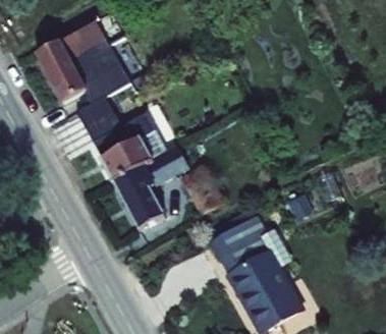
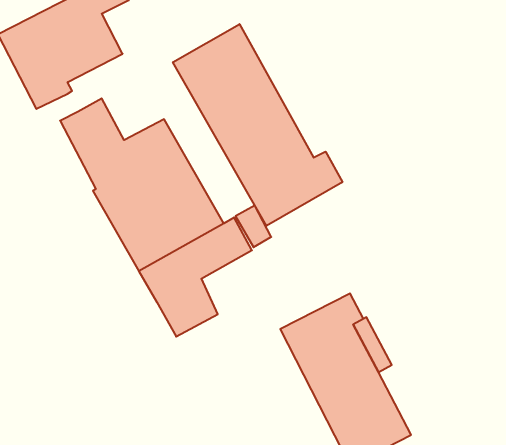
building: none -> [173,24,342,226]
building: [65,51,112,91] -> none

